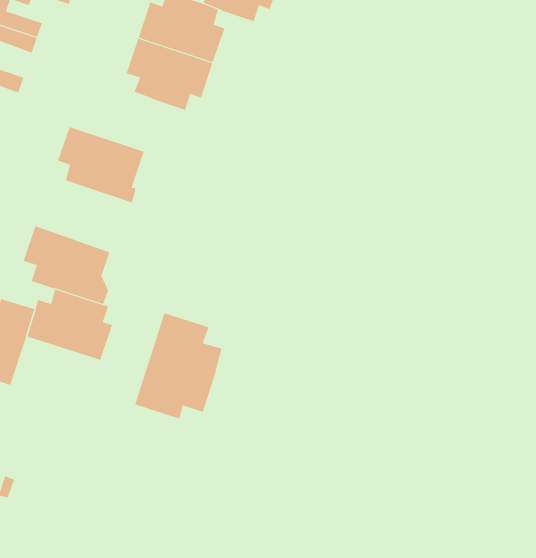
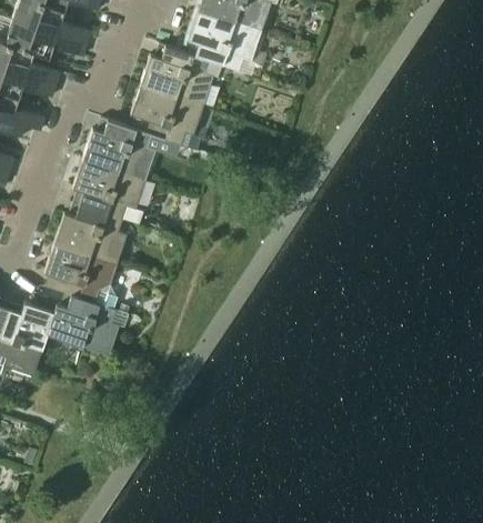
building: none -> [83,120,157,180]
building: none -> [54,204,128,264]
building: [135,312,222,419] -> none

